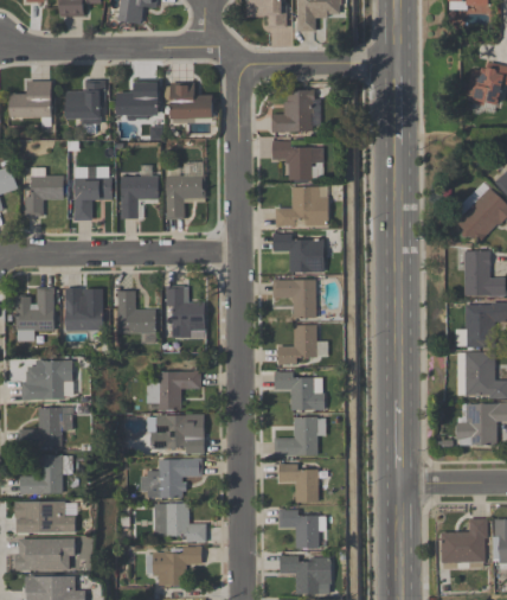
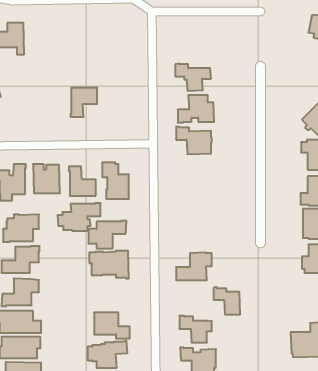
building: [65,79,104,133] -> none
building: [116,82,159,121] -> none
building: [165,82,213,122] -> none
building: [271,89,321,132] -> none
building: [73,166,113,221] -> none
building: [24,167,63,216] -> none
building: [166,175,206,219] -> none
building: [272,279,316,318] -> none
building: [278,325,317,365] -> none
building: [275,371,325,409] -> none
building: [139,458,201,498] -> [57,203,101,231]
building: [280,462,319,503] -> [214,287,240,314]

